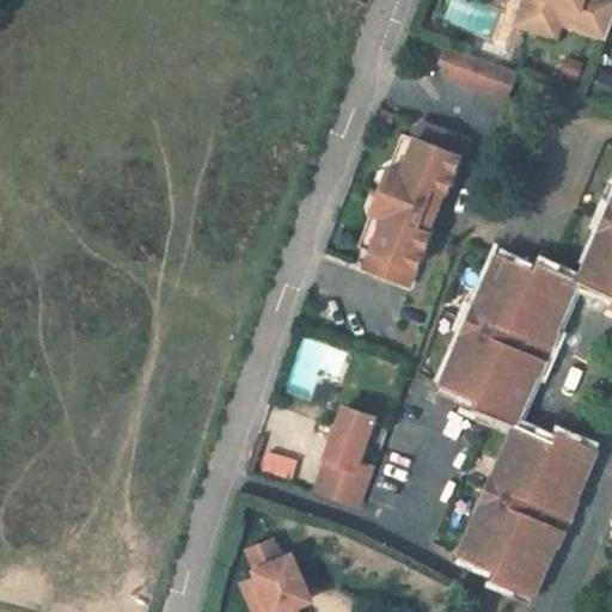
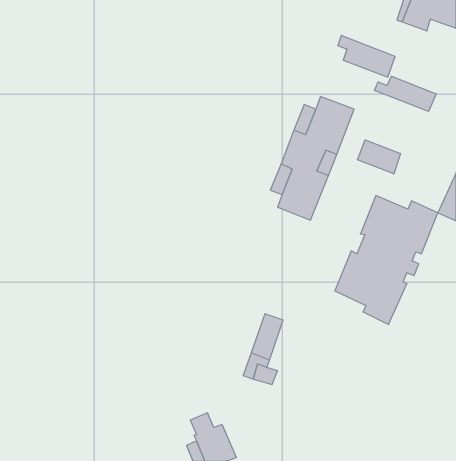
building: none -> [374,76,436,111]
building: none -> [358,140,401,174]
building: [460,429,594,595] -> none

